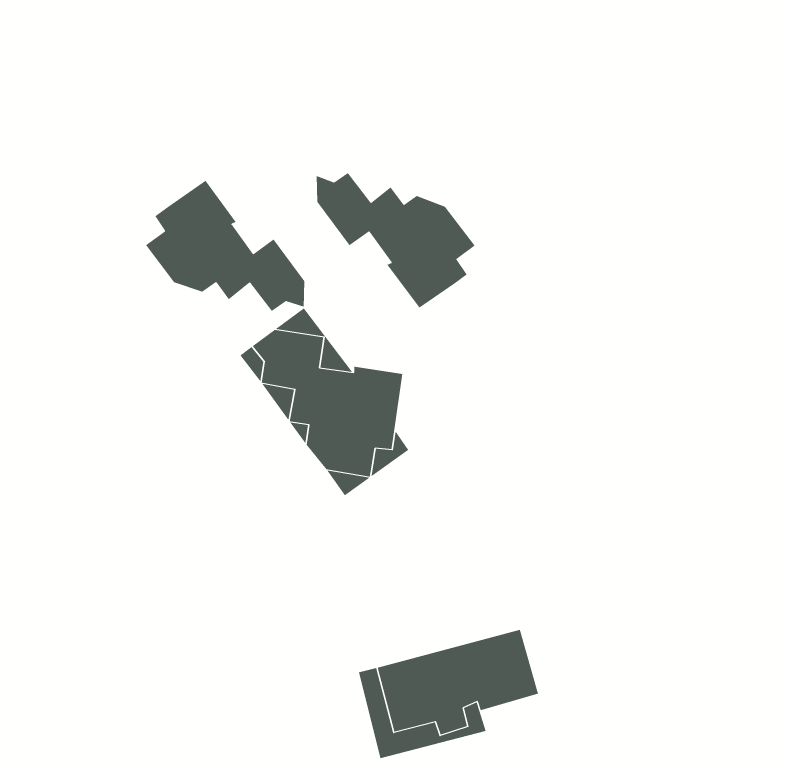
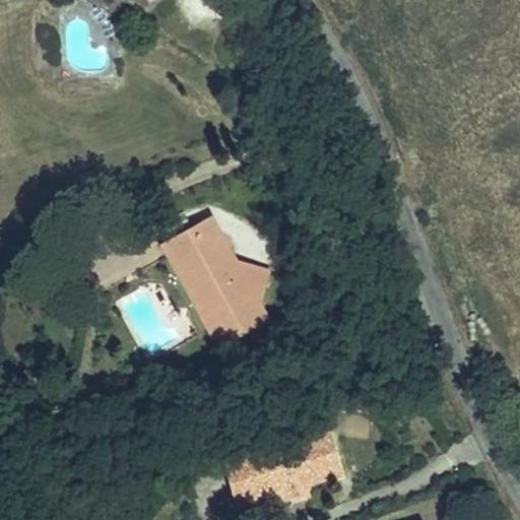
building: [316,172,475,309] -> none
building: [145,180,305,312] -> none

